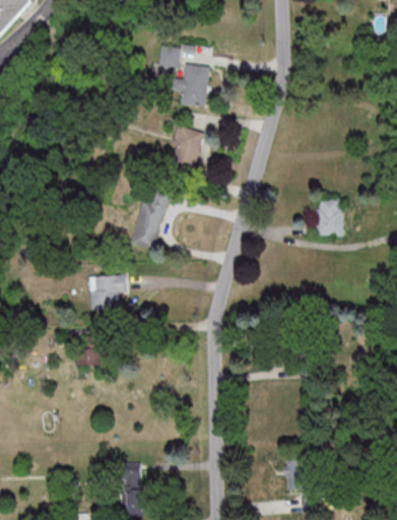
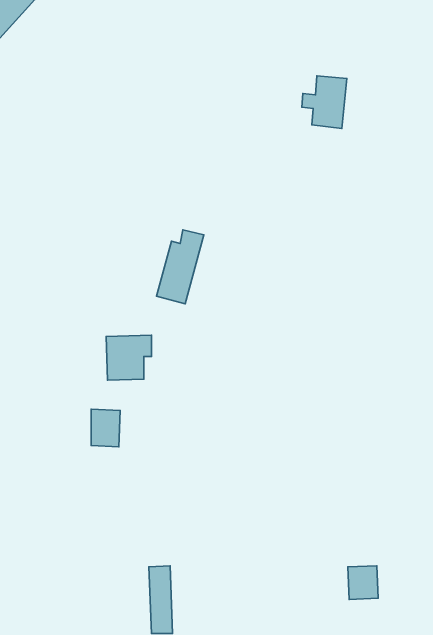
building: [158,45,181,66] -> none
building: [173,63,209,106] -> [302,76,347,129]
building: [170,124,203,171] -> none
building: [316,199,342,235] -> none

